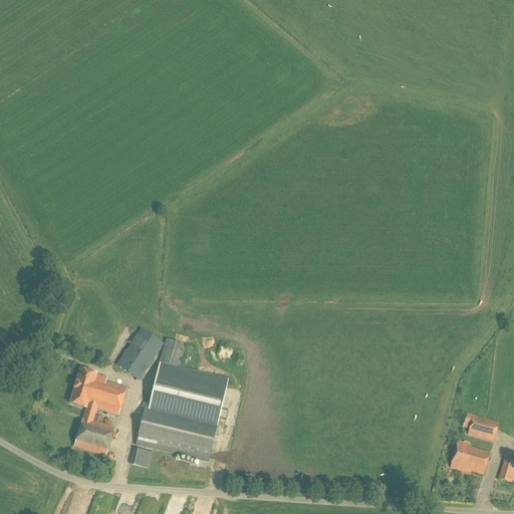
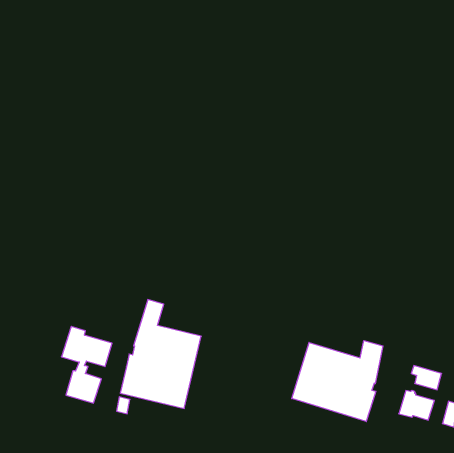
building: [117,327,164,378] -> none
building: none -> [292,341,383,422]

